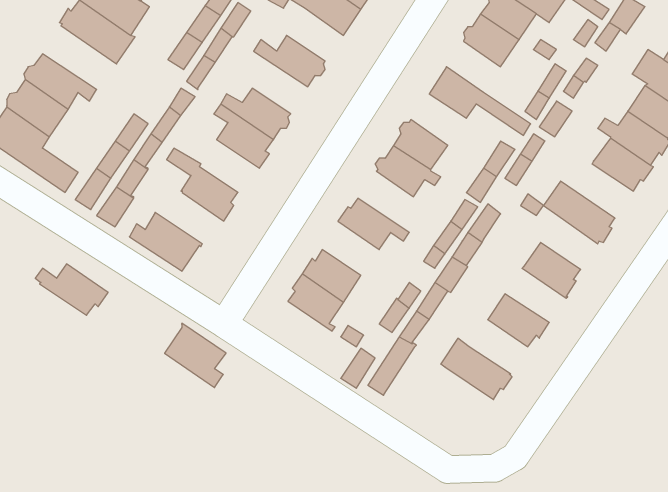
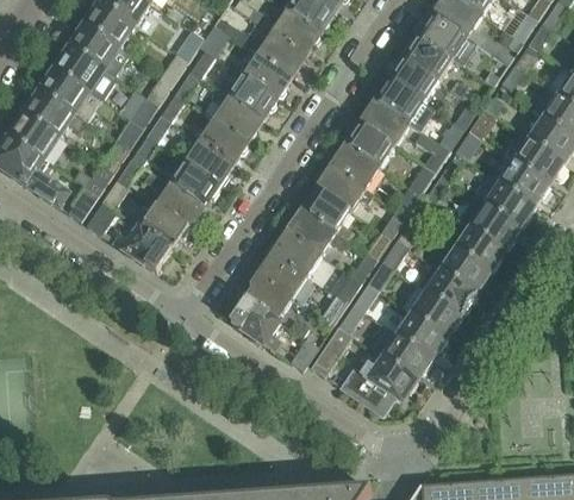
building: none -> [243,54,291,98]
building: none -> [38,68,113,121]
building: none -> [376,81,432,131]
building: none -> [211,89,261,142]
building: none -> [120,92,157,127]
building: none -> [347,125,393,168]
building: none -> [170,163,220,207]
building: none -> [472,174,532,229]
building: none -> [302,189,352,240]
building: none -> [455,226,503,271]
building: none -> [273,231,330,283]
building: none -> [417,262,476,315]
building: [35,264,108,315] -> [130,207,191,250]
building: none -> [395,313,447,358]
building: [165,323,226,388] -> [230,298,281,351]
building: none -> [339,352,417,417]

